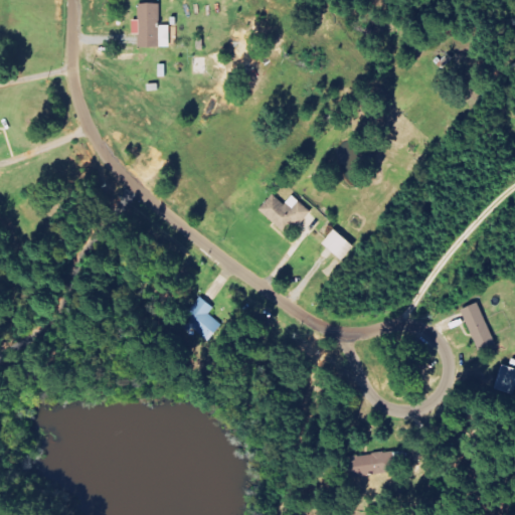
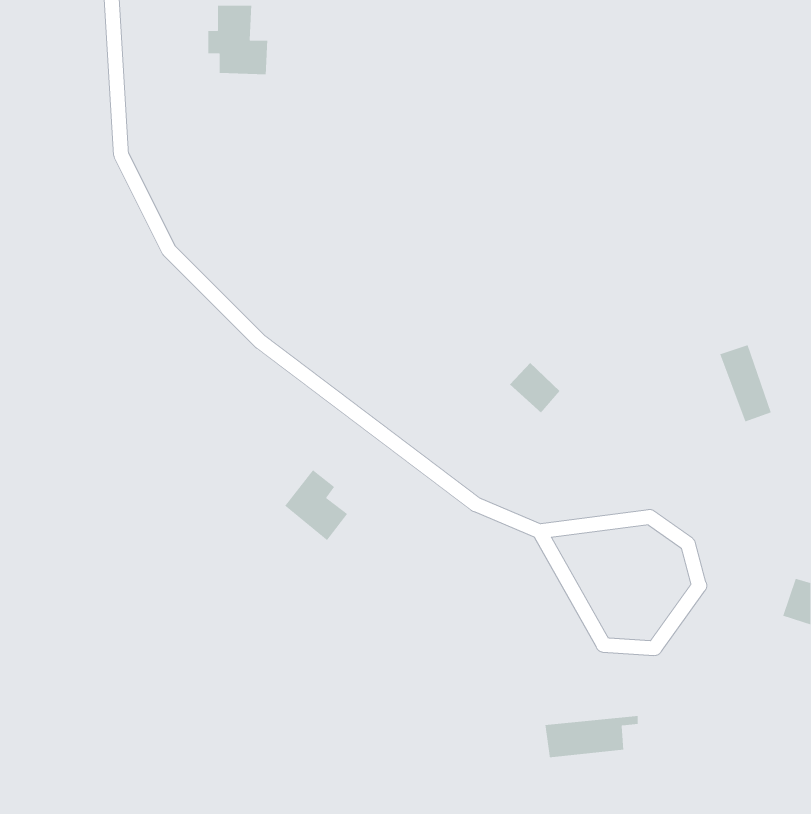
building: [259,194,311,232] -> none
building: [461,302,494,351] -> [719,344,772,422]

